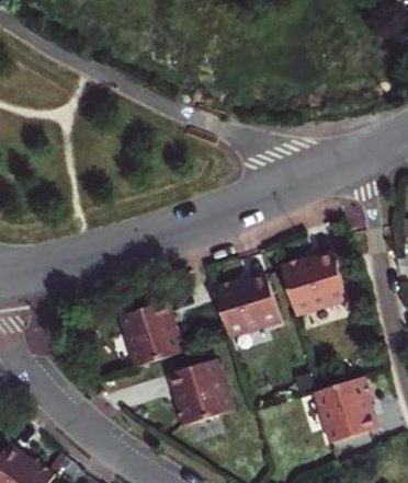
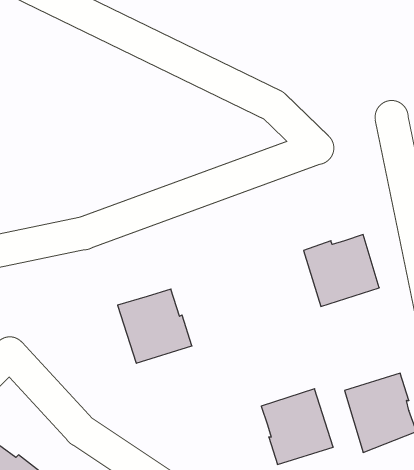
building: [215,276,282,340] -> none
building: [166,359,229,426] -> [261,389,333,464]

